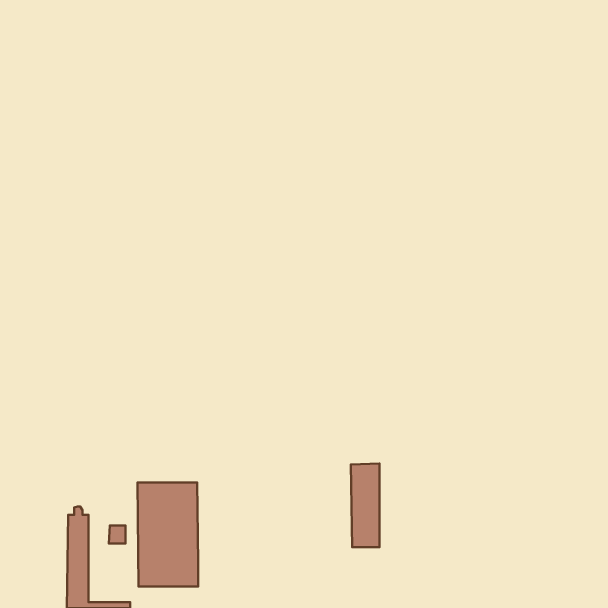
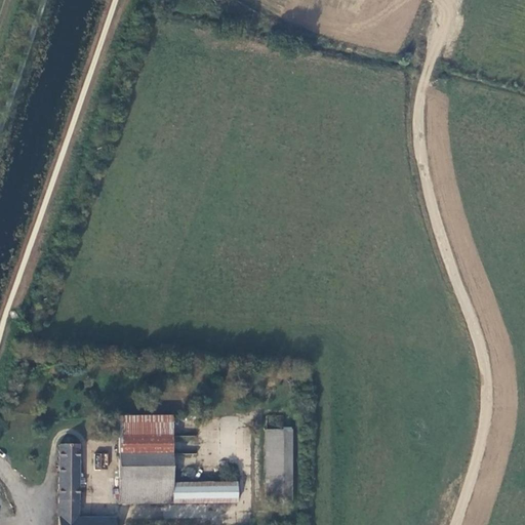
building: [351,463,379,547] -> [268,429,292,500]
building: none -> [172,482,238,503]

